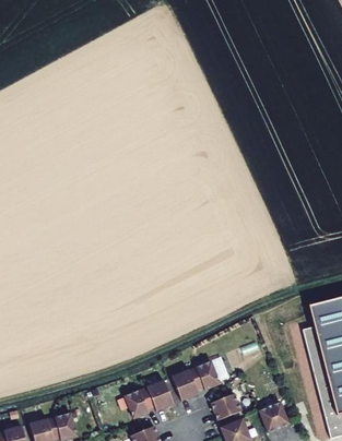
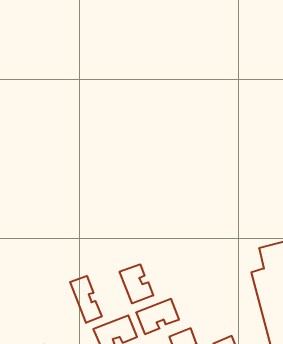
building: none -> [120,264,153,303]
building: none -> [70,276,102,323]

